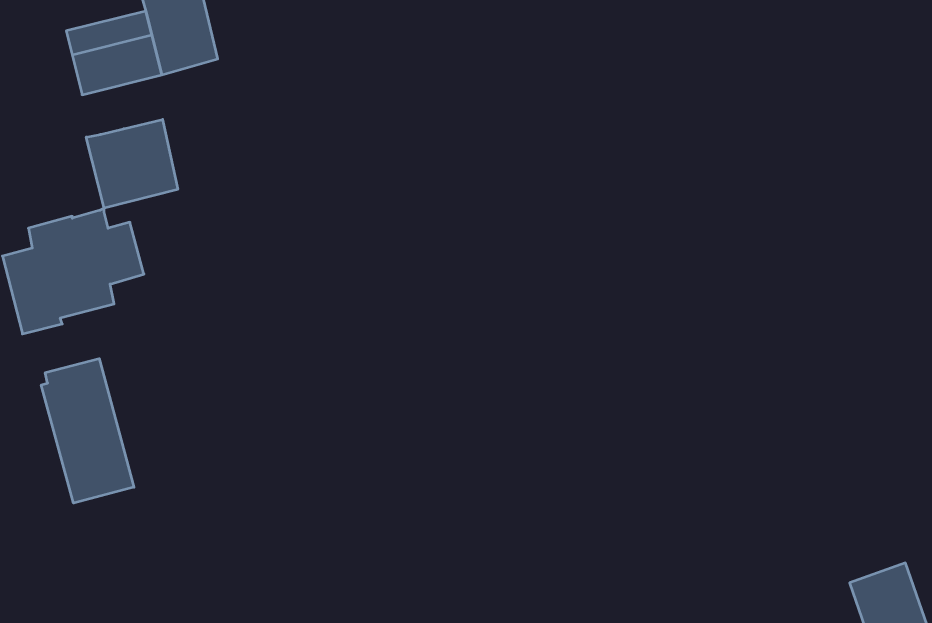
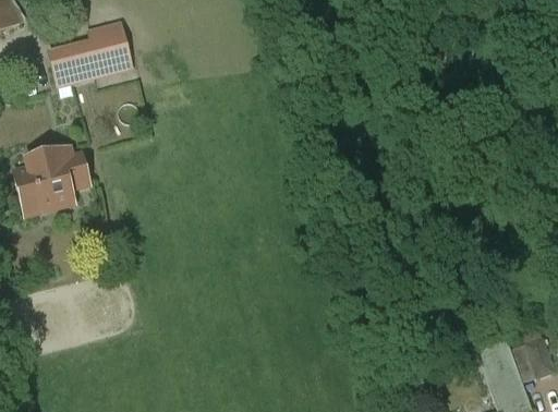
building: [86,119,178,208] -> none
building: [41,359,134,503] -> none

